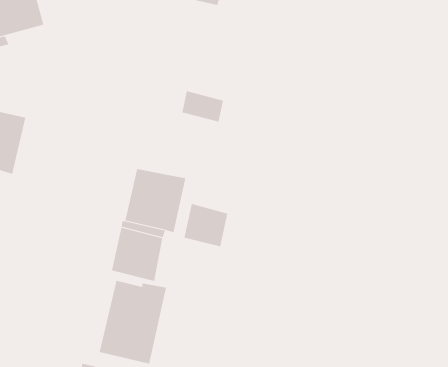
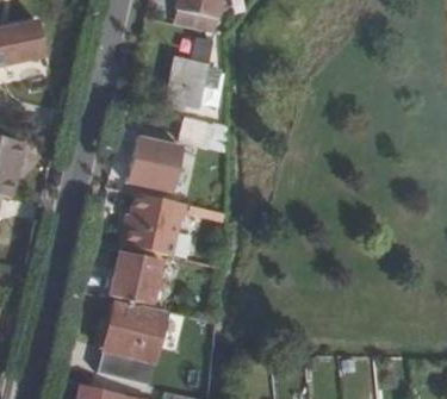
building: none -> [167,36,215,108]
building: none -> [125,135,182,192]
building: [184,203,228,247] -> none

